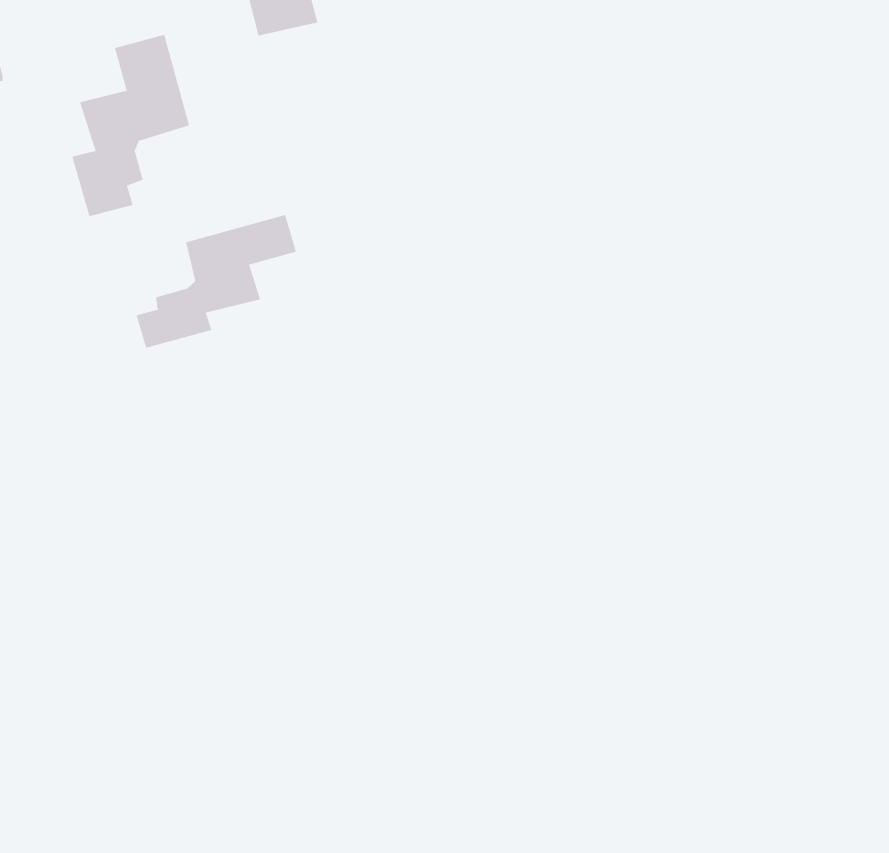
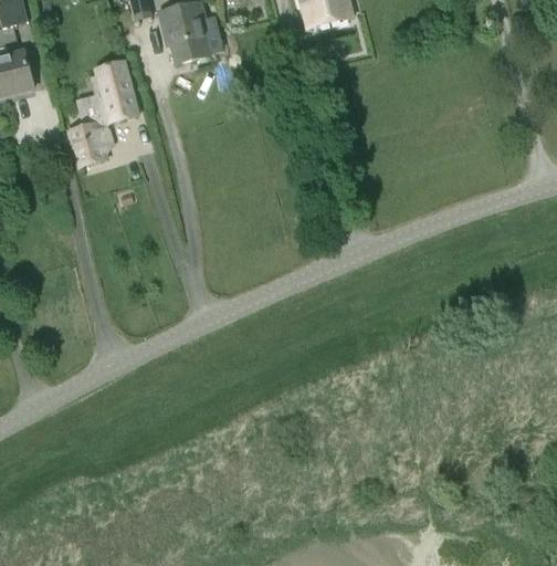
building: [136,214,297,348] -> none

